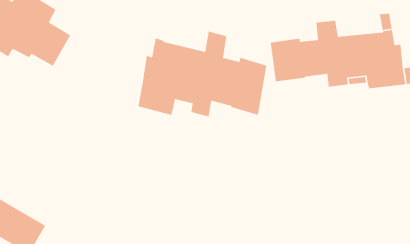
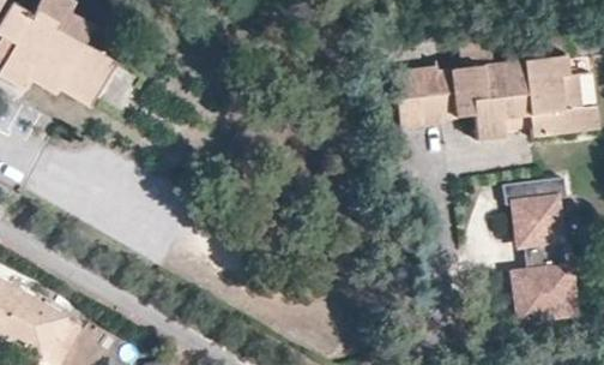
building: [137,30,267,118] -> none
building: none -> [509,190,579,329]

